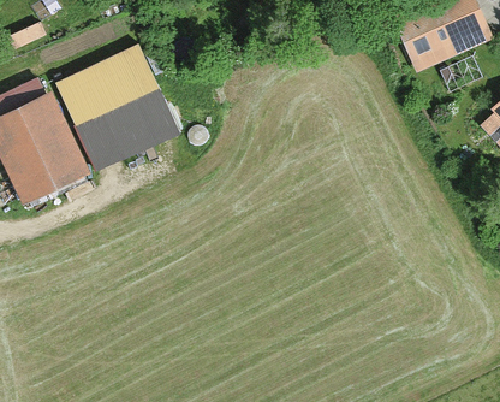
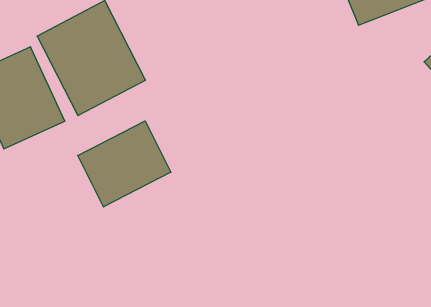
building: none -> [78,121,171,207]

